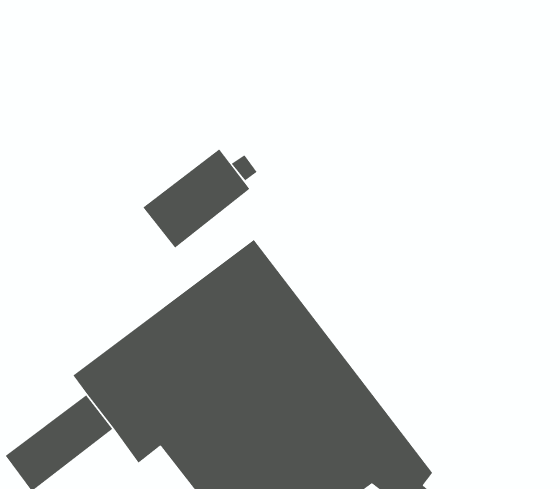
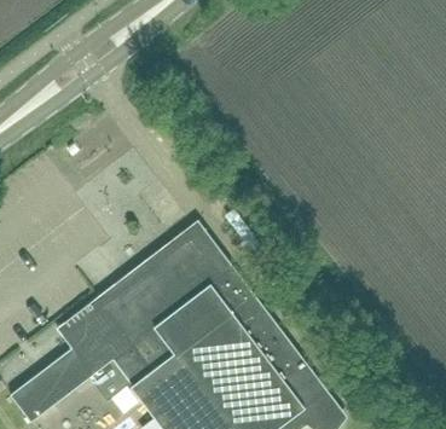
building: [143,149,250,248] -> none

